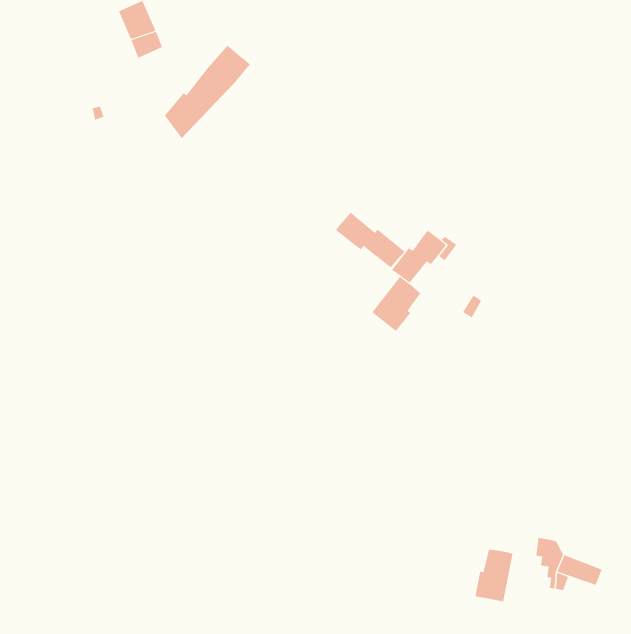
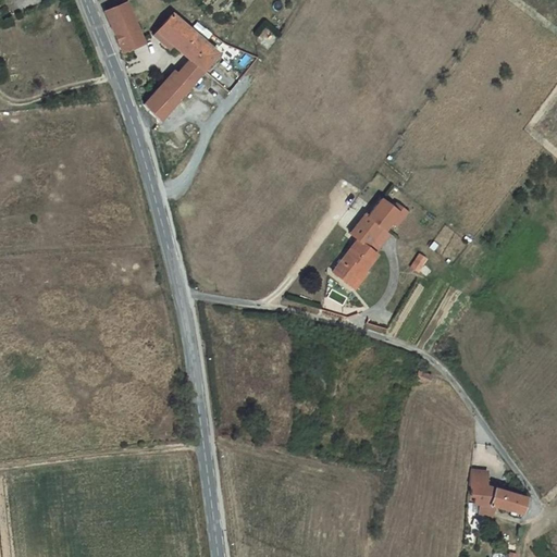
building: none -> [160,18,202,59]
building: [335,212,406,268] -> none
building: [475,549,513,602] -> none

